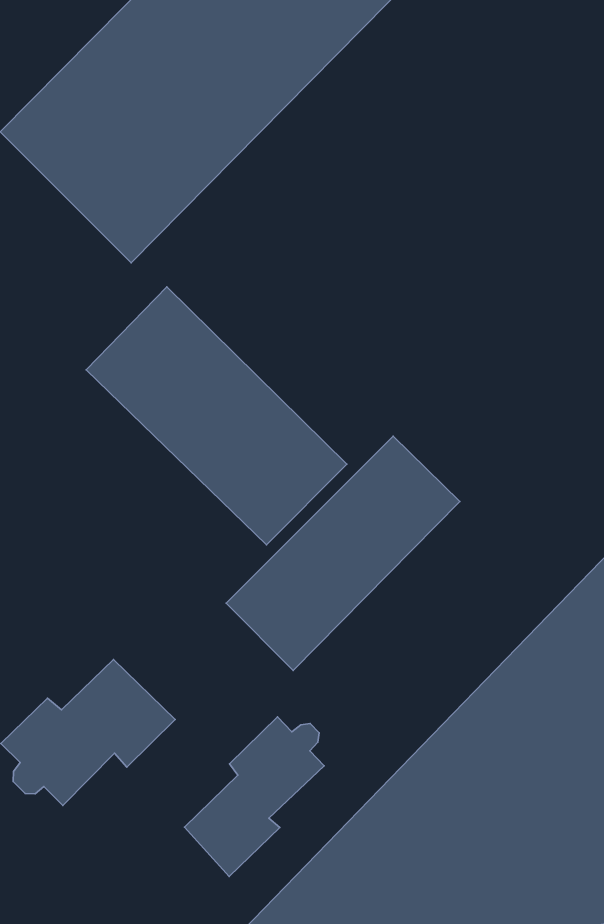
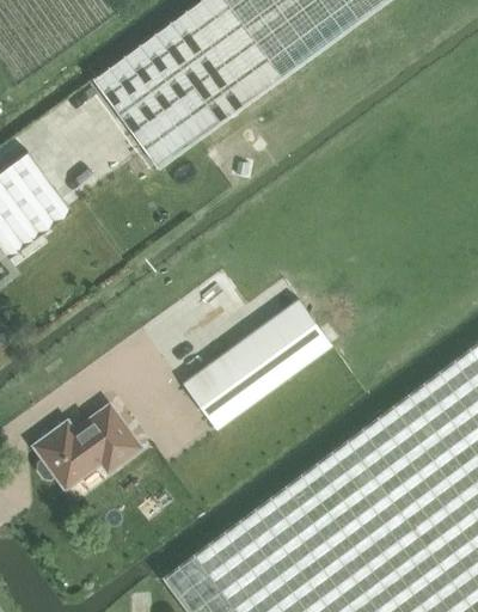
building: [86,287,347,545] -> none
building: [185,717,324,876] -> none

